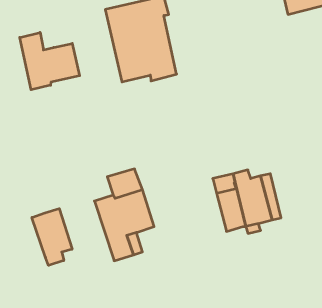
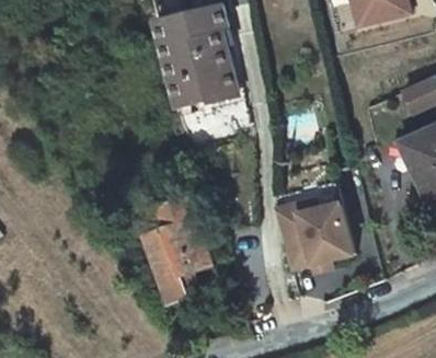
building: [20,32,80,90] -> none
building: [32,209,72,265] -> none

